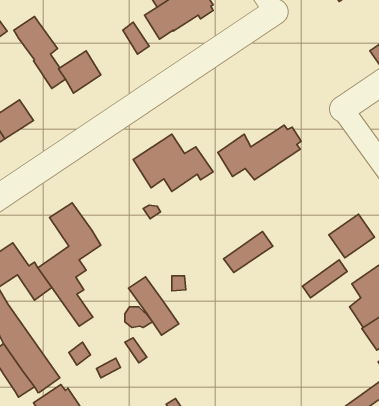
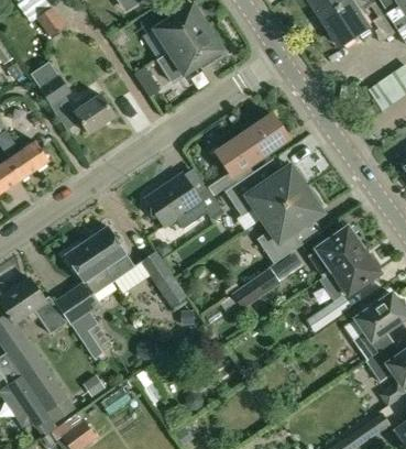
building: none -> [205,112,287,194]
building: none -> [257,187,322,261]
building: none -> [86,224,134,280]
building: none -> [308,228,361,275]
building: [128,277,179,335] -> [139,250,187,306]

